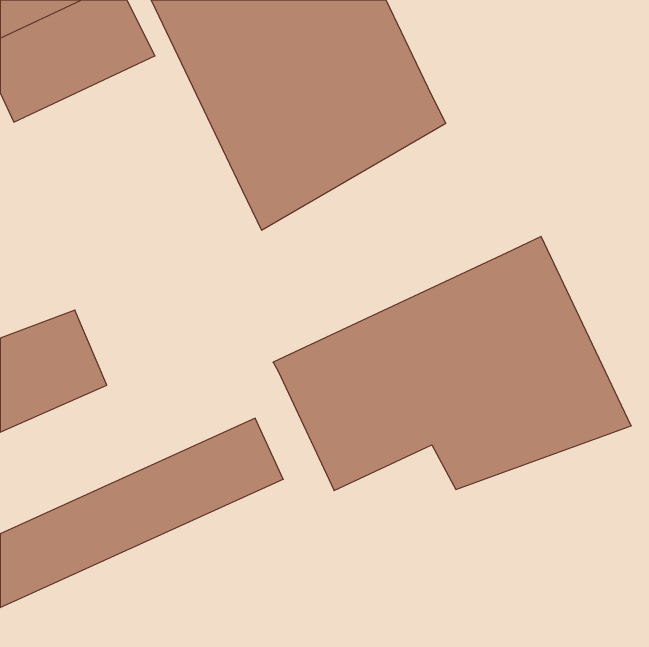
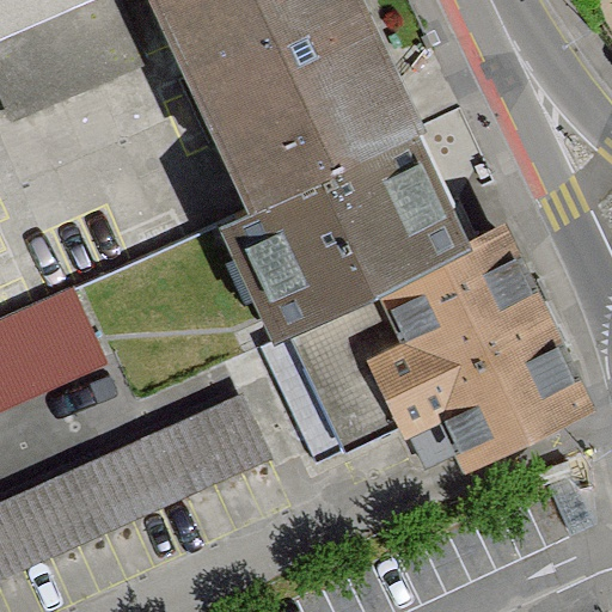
building: none -> [221,118,477,336]

